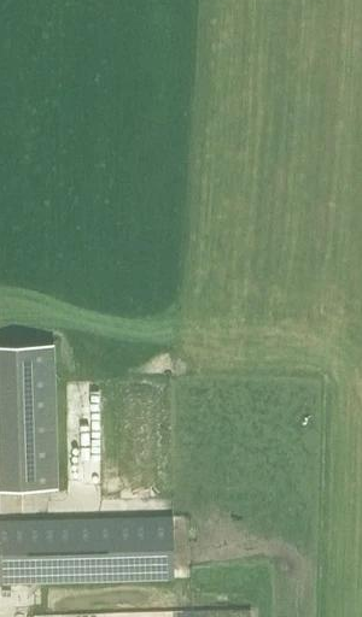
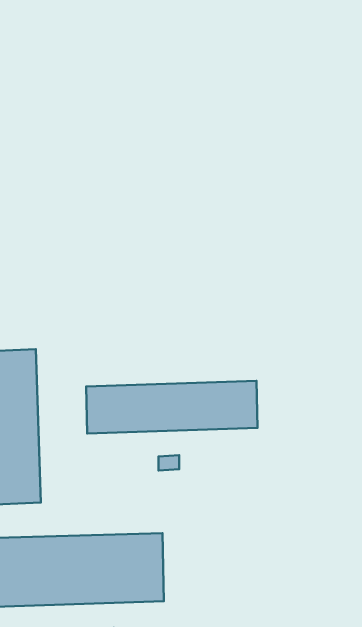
building: none -> [86,381,258,434]

